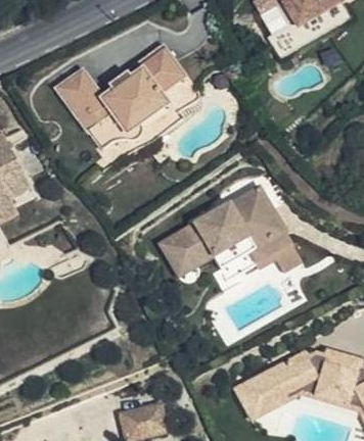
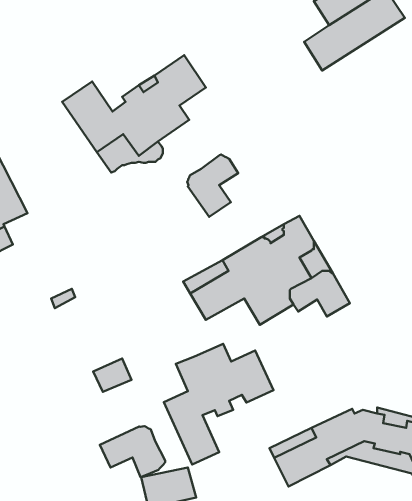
building: none -> [187,155,238,217]
building: none -> [164,344,274,465]
building: none -> [100,426,165,477]

